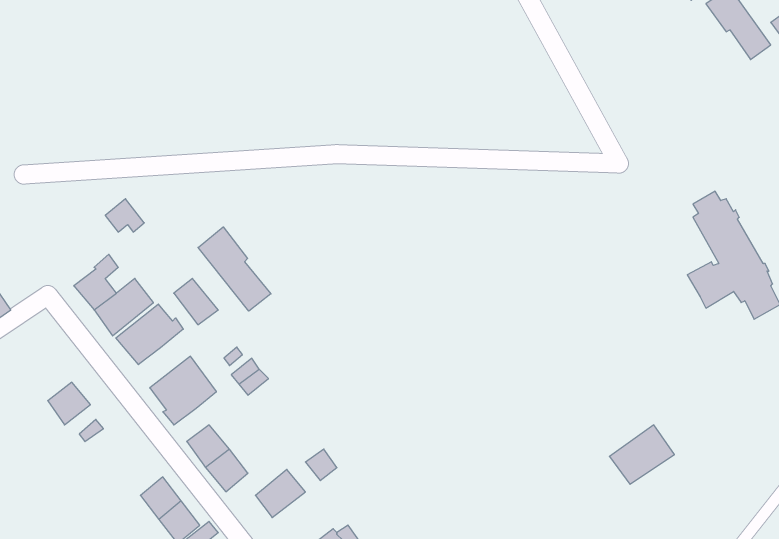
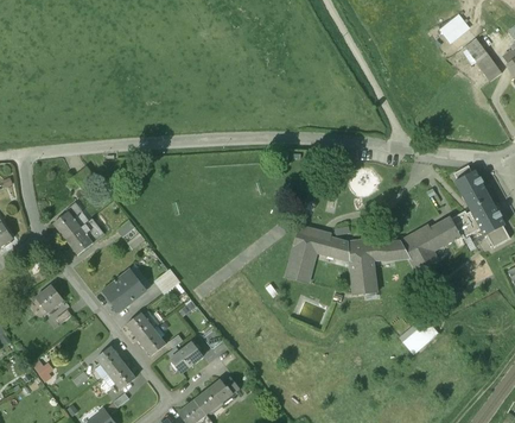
building: [198,227,271,311] -> none
building: none -> [285,215,454,292]
building: [116,304,183,365] -> none

